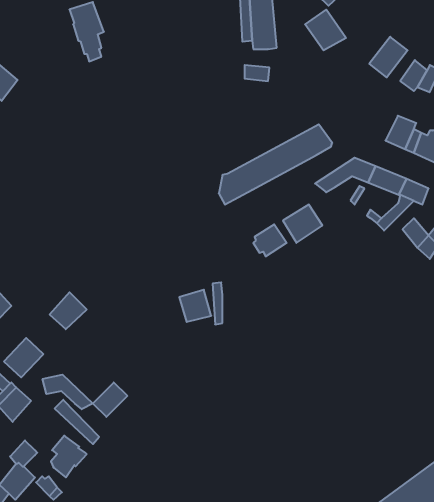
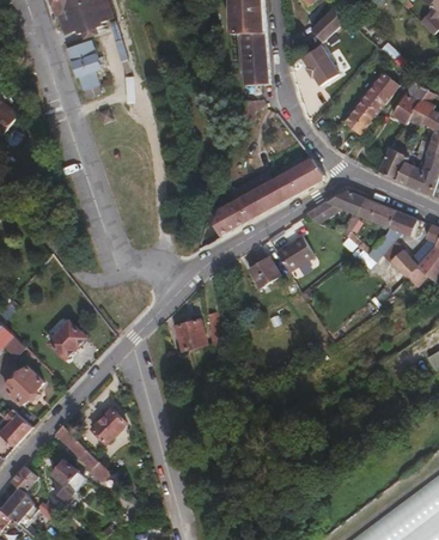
building: none -> [341,98,377,135]
building: [43,375,93,409] -> none

